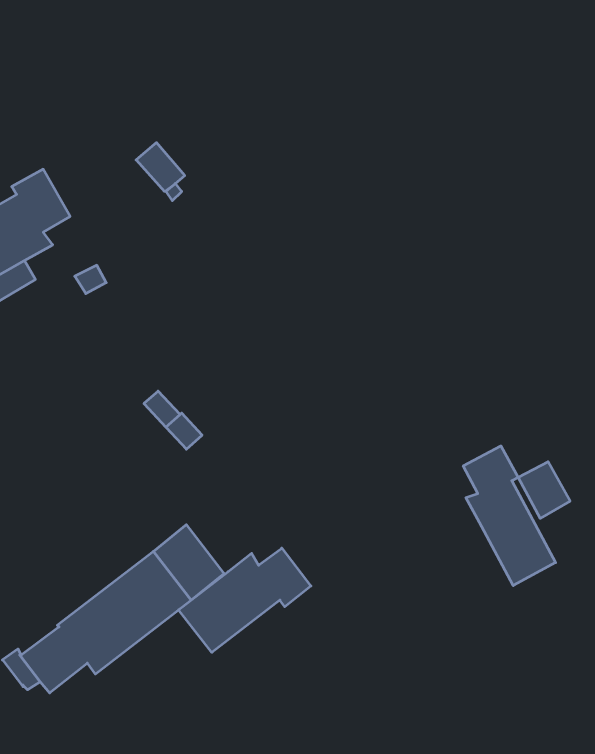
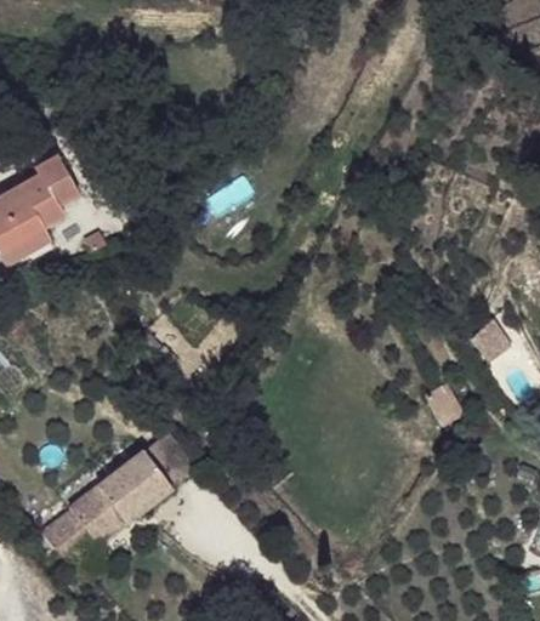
building: [463,446,556,586] -> none
building: [179,548,311,652] -> none

